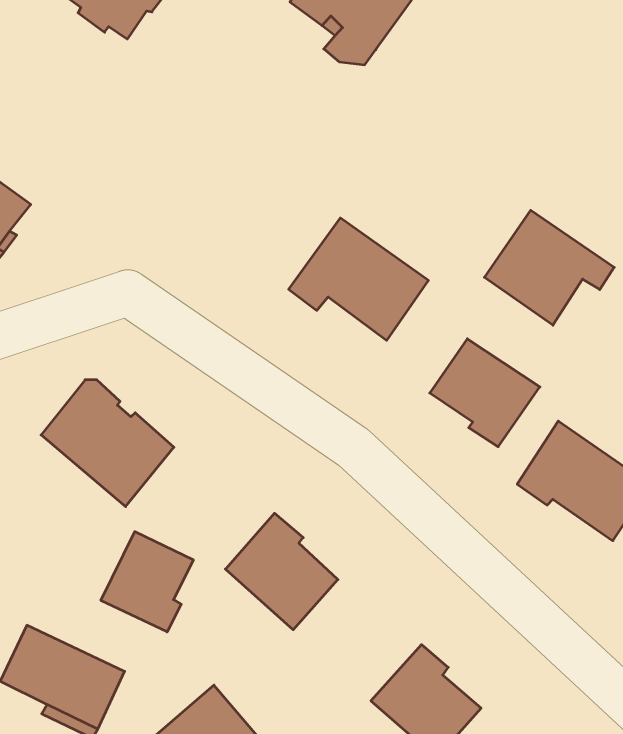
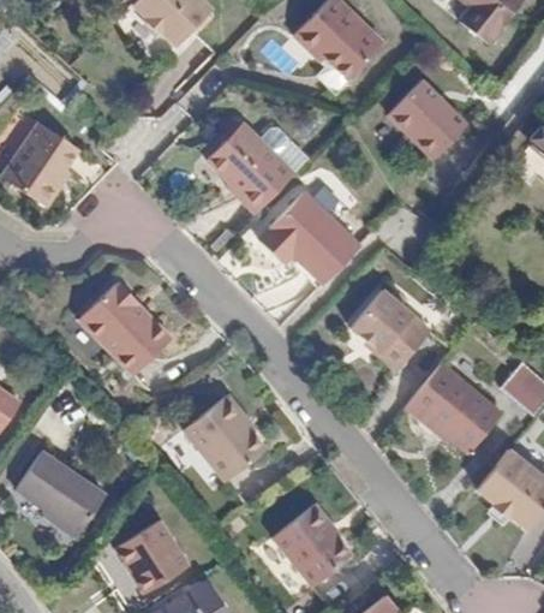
building: none -> [395,76,474,154]
building: none -> [207,124,297,214]
building: [484,210,614,325] -> none
building: [101,532,193,632] -> none

